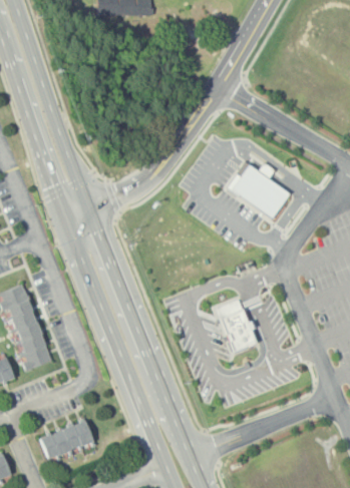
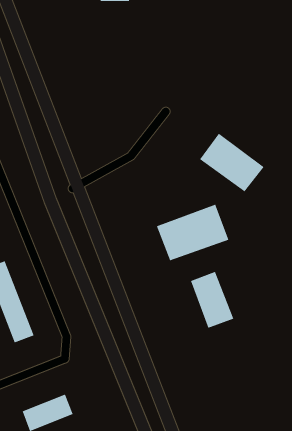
building: none -> [156,204,229,261]

